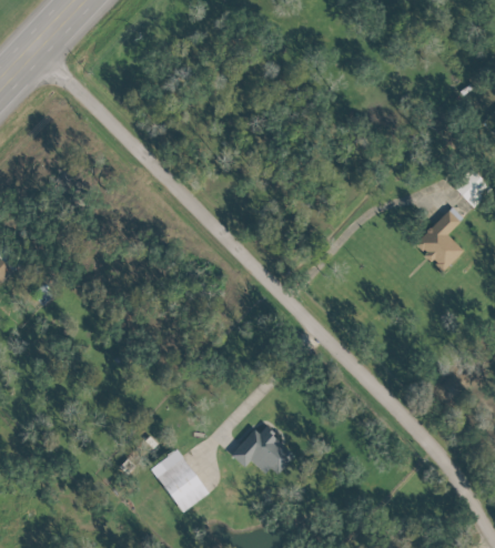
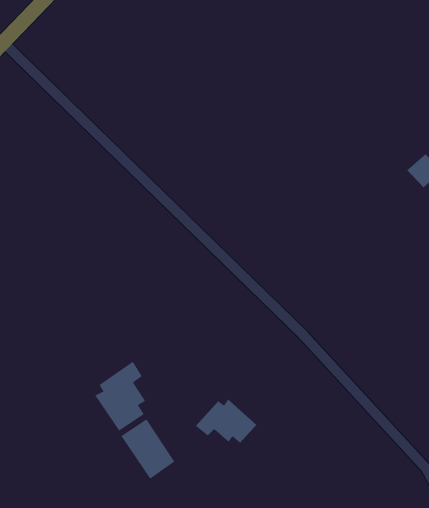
building: [414,207,463,272] -> none
building: none -> [94,361,146,432]

